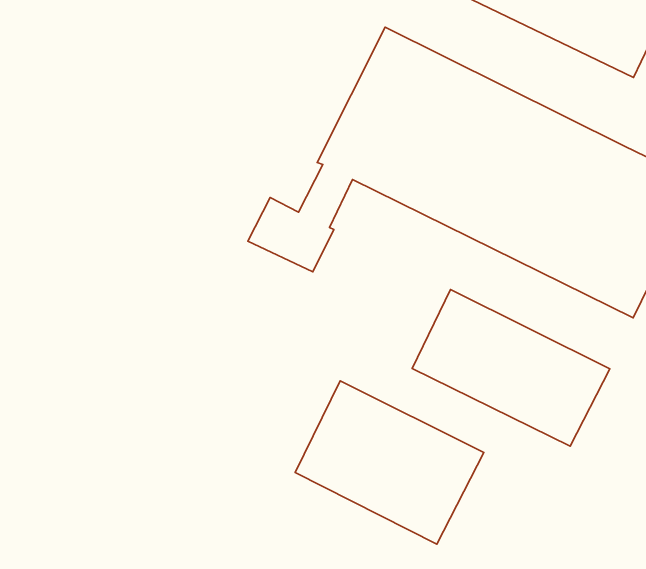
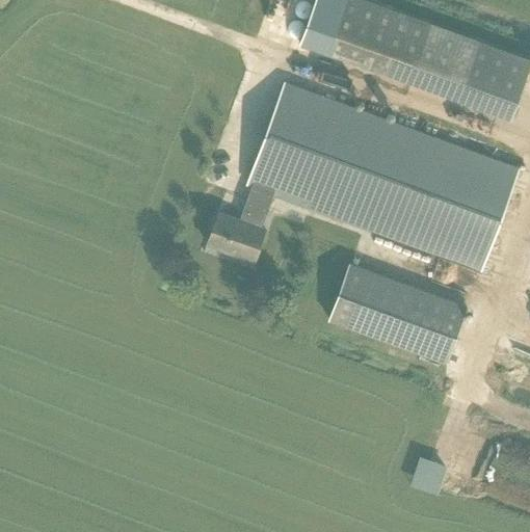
building: [295,381,484,544] -> none

